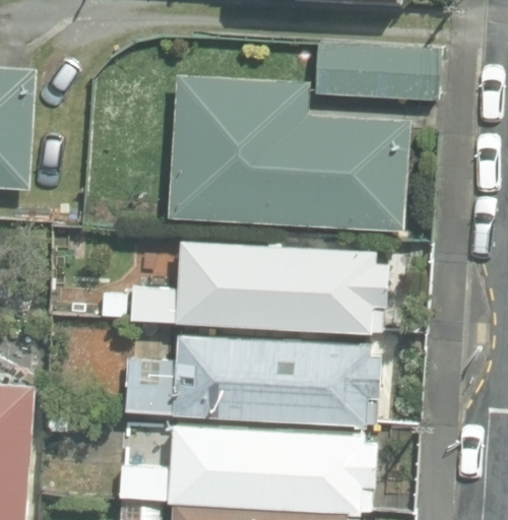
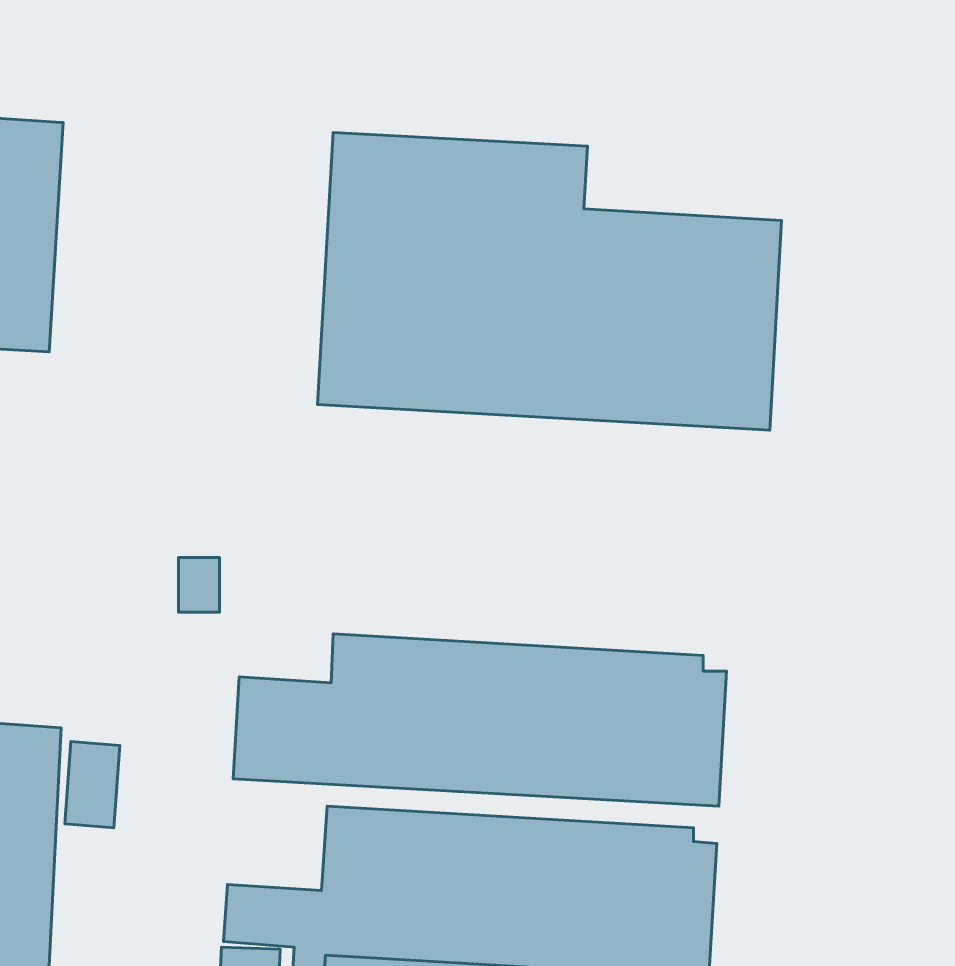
building: [310,41,434,104] -> none
building: [132,243,386,333] -> none

